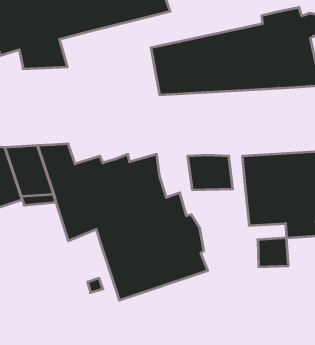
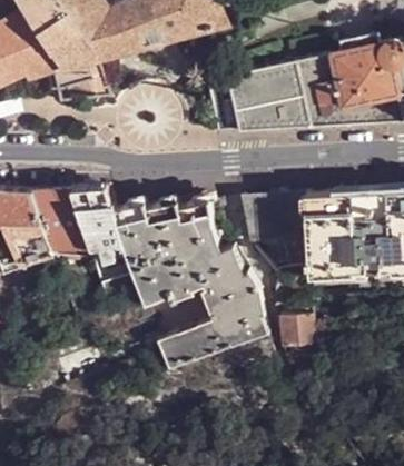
building: [258,238,288,267] -> [279,310,315,344]

